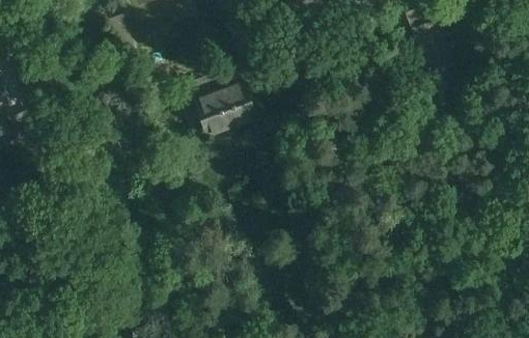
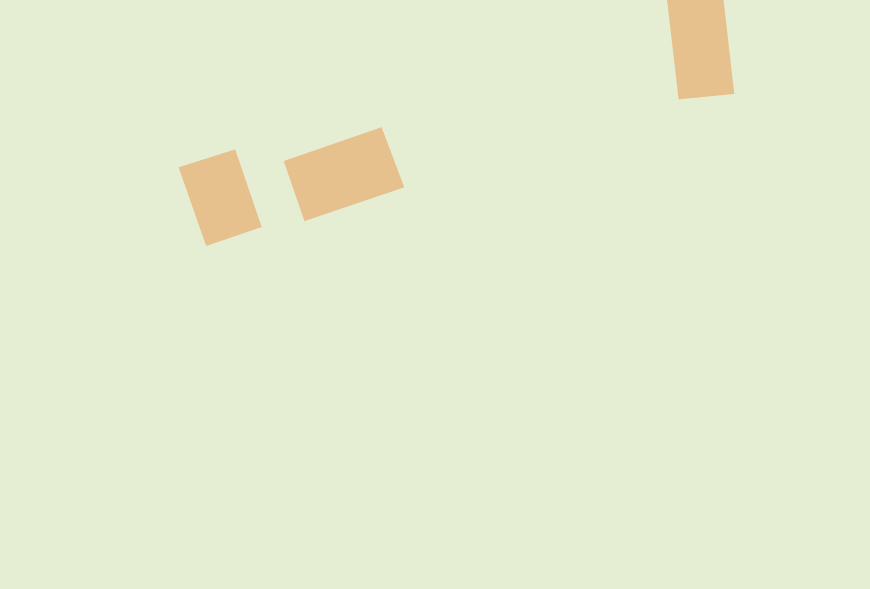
building: none -> [178,148,262,247]

